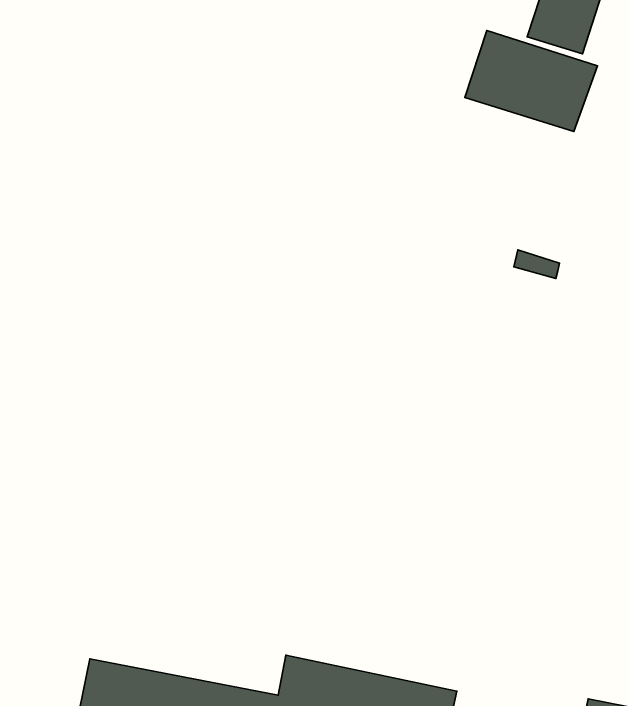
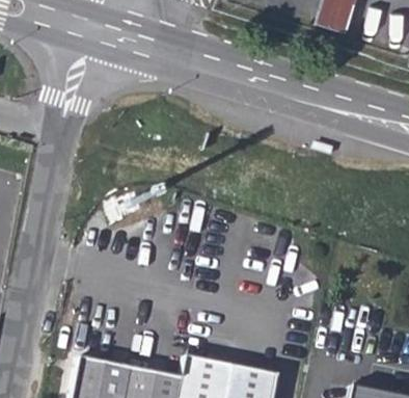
building: [465,30,597,132] -> none

